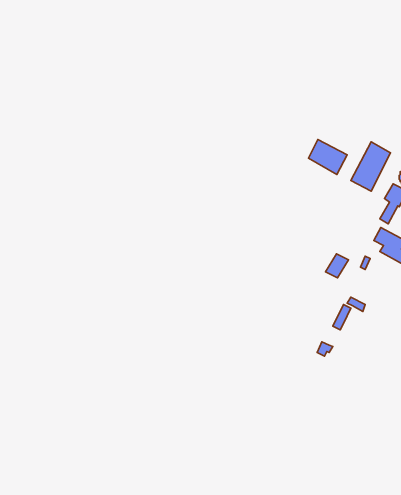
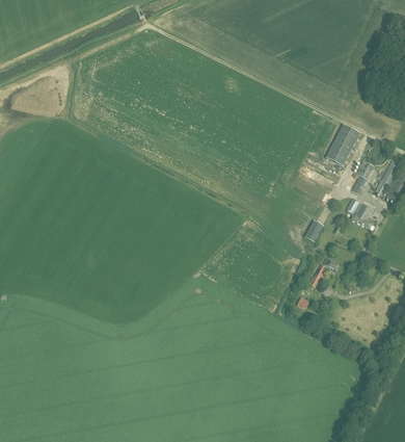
building: [308,139,347,174] -> none

